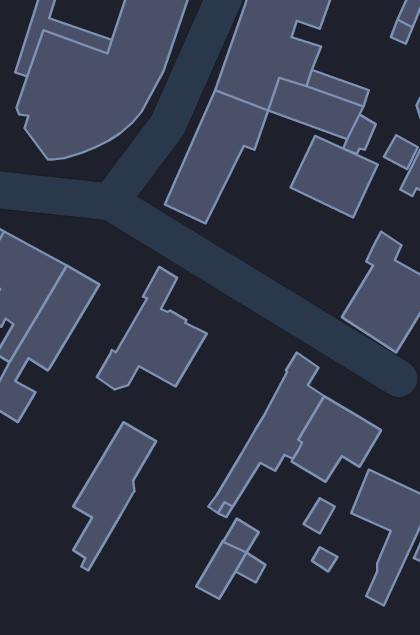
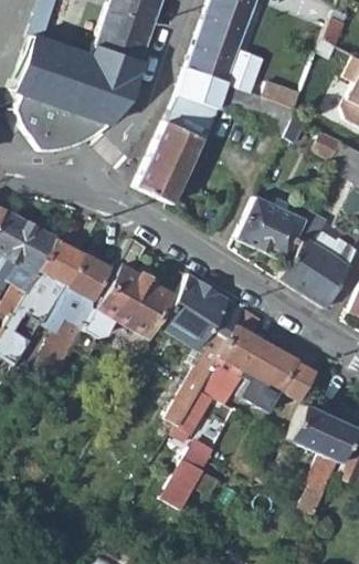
building: [291,136,378,217] -> [236,196,307,262]
building: none -> [160,273,244,424]
building: [73,422,156,570] -> [43,252,110,373]

